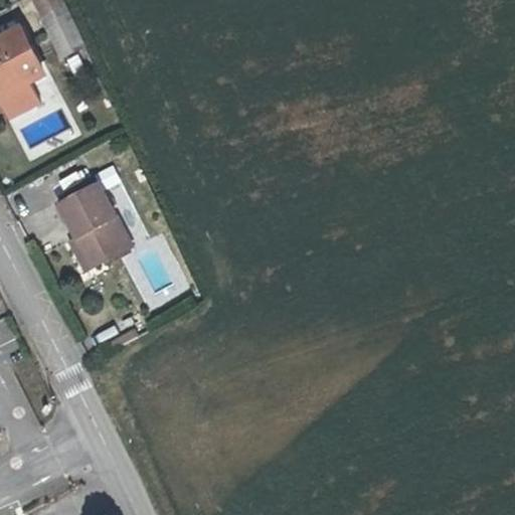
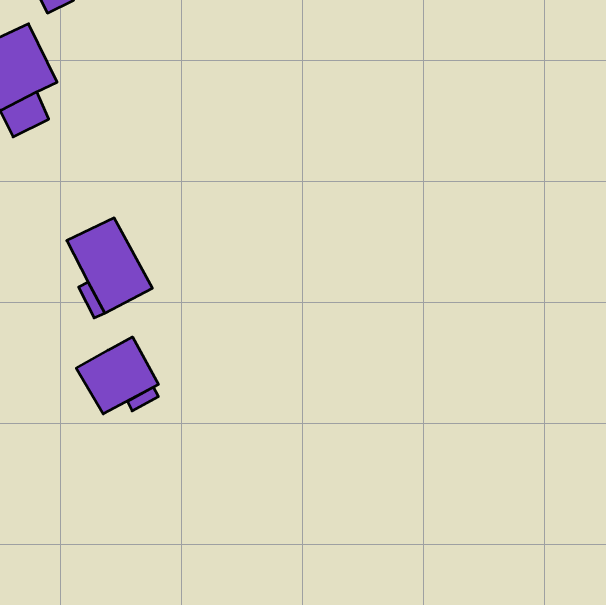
building: none -> [76,337,158,414]

